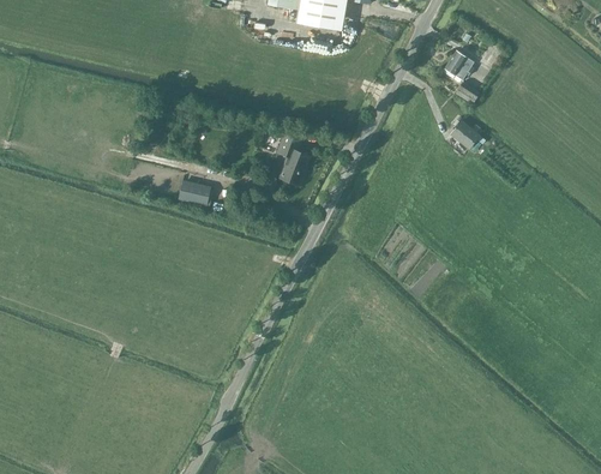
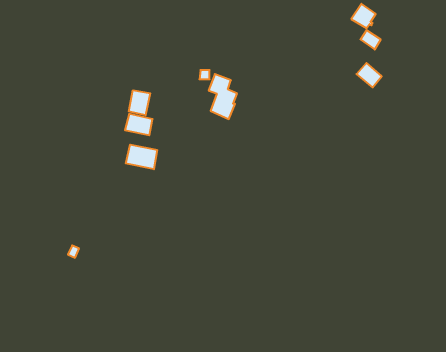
building: none -> [129,90,150,115]
building: none -> [126,145,157,169]

